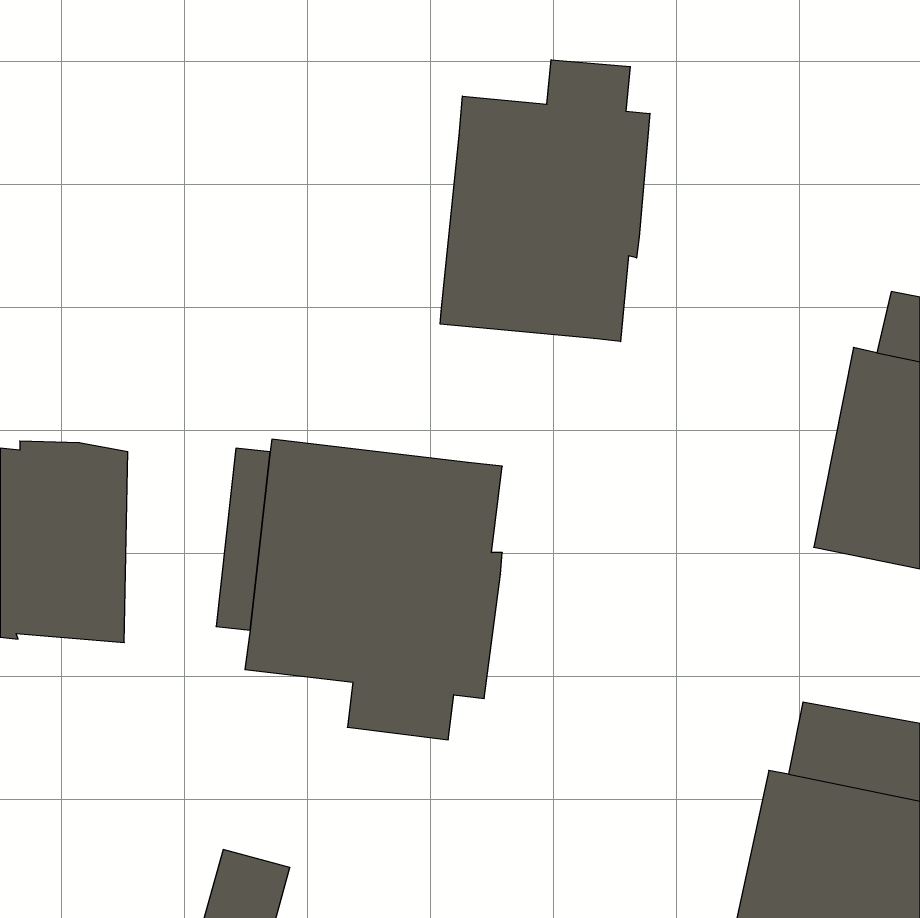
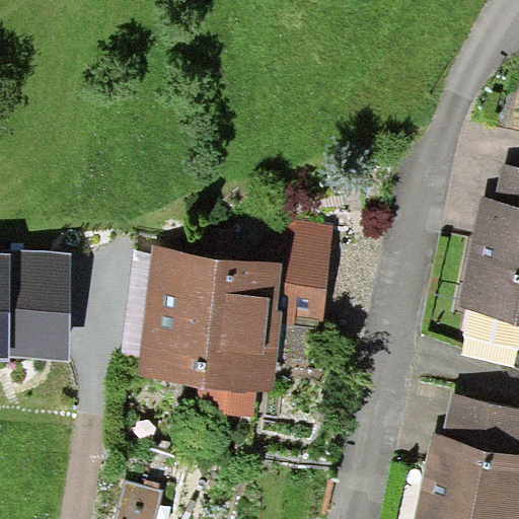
building: [440,60,650,342] -> none
building: none -> [264,220,333,329]

